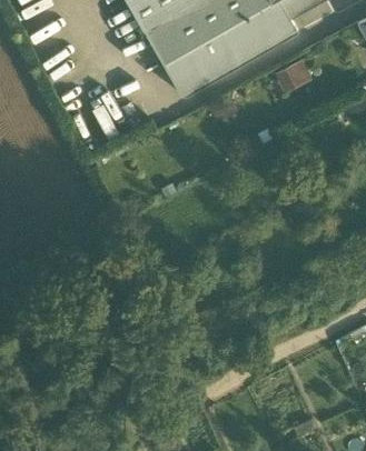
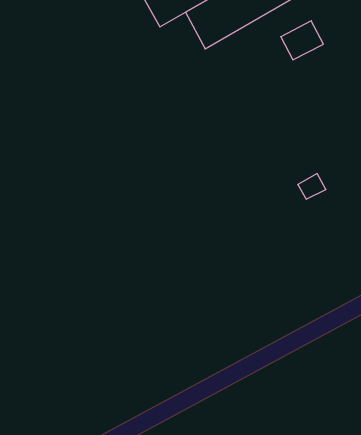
building: [164,52,205,97] -> none

